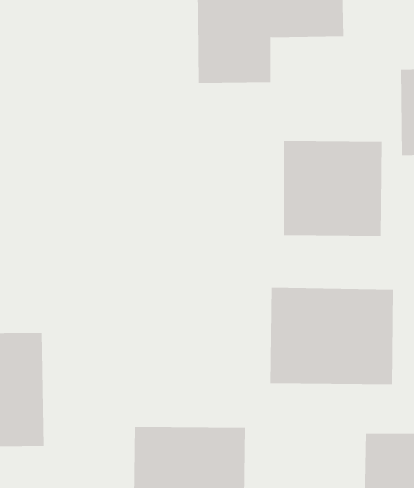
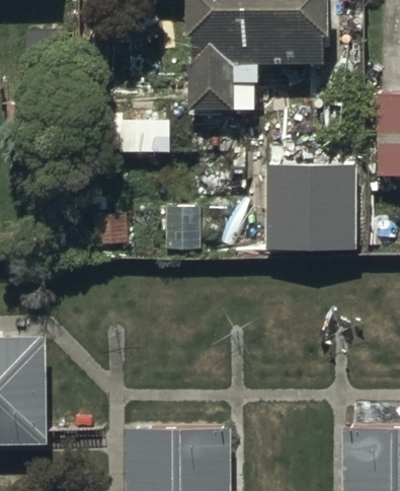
building: [270,287,393,385] -> none

